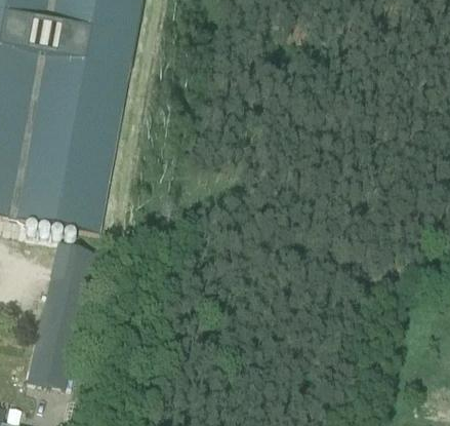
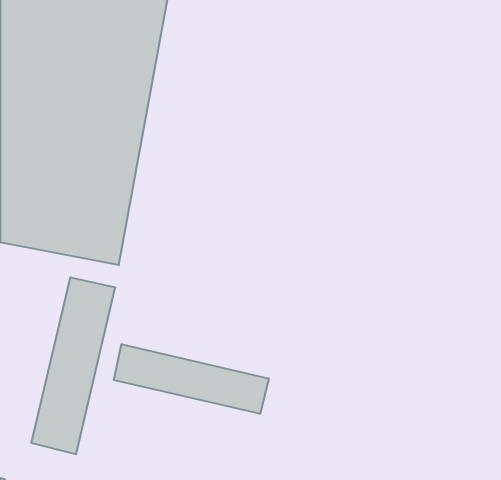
building: none -> [114,344,269,414]

